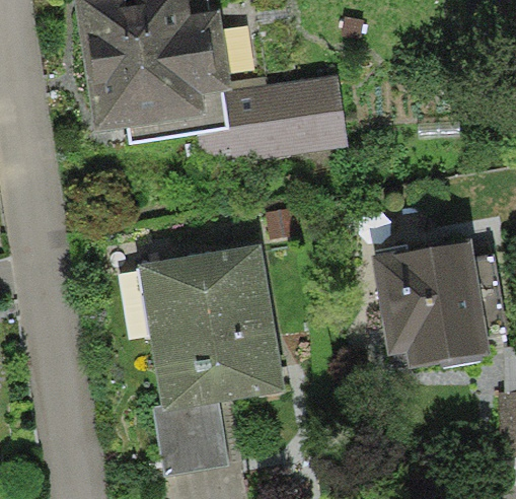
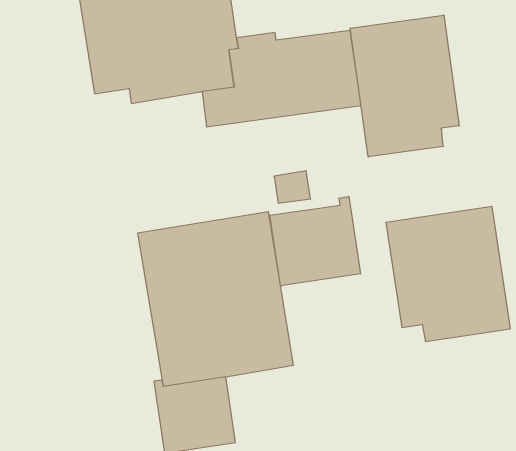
building: none -> [350,15,459,157]
building: none -> [270,196,360,286]

